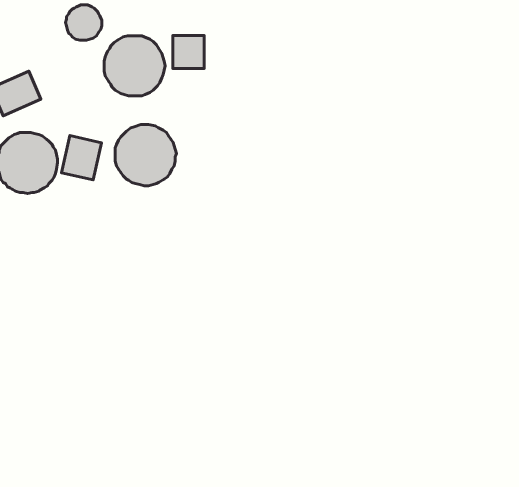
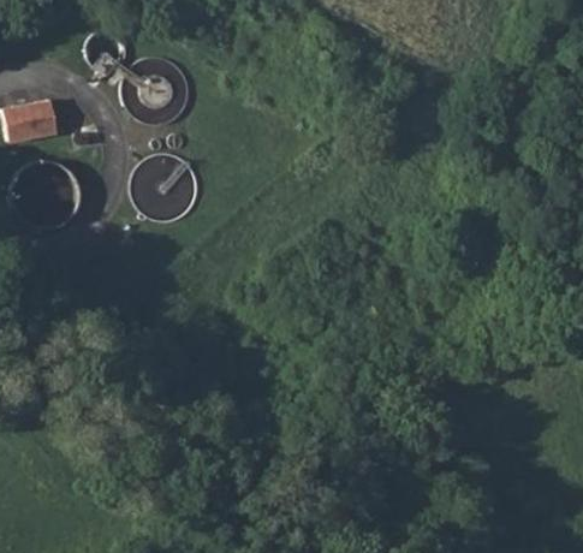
building: [173,35,204,69] -> none
building: [62,136,101,180] -> none

